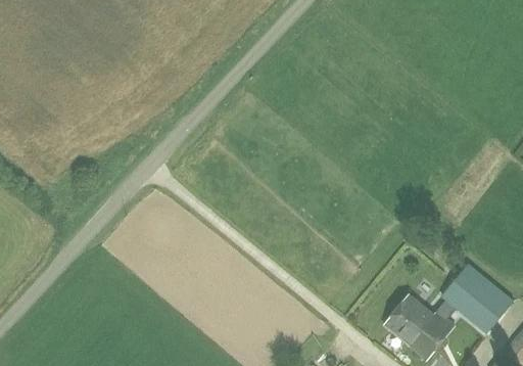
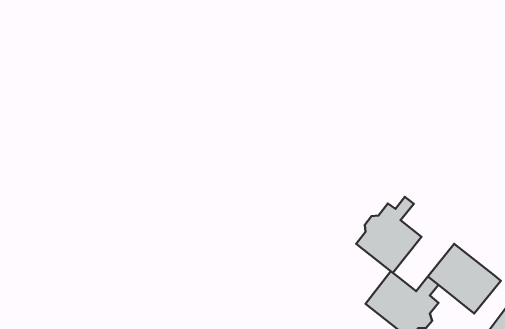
building: none -> [356,197,422,273]

